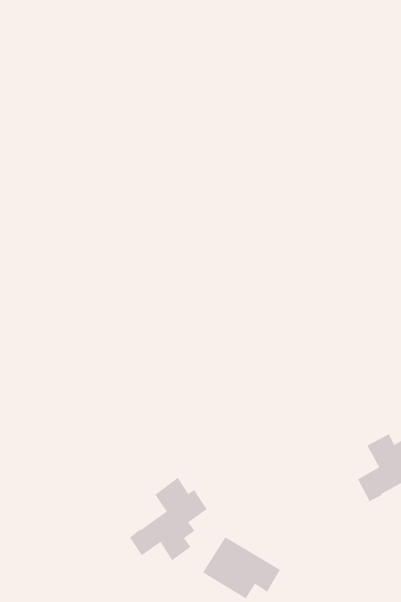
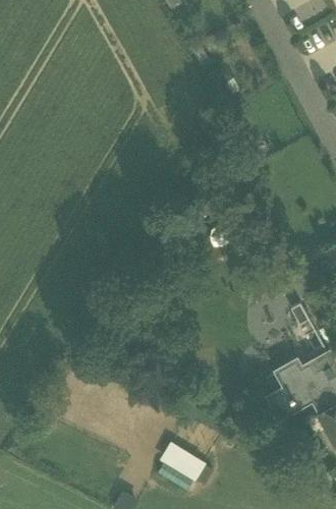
building: [129,477,207,561] -> none

